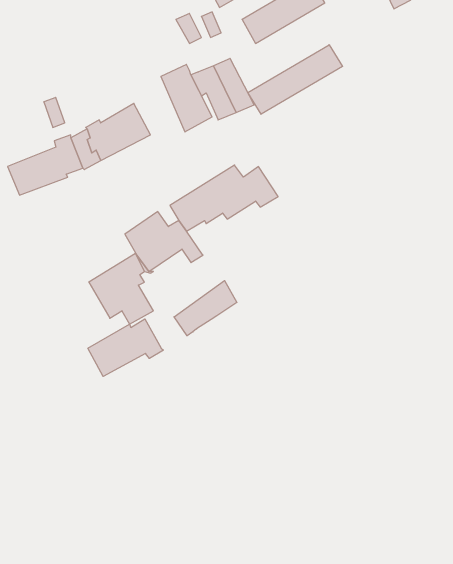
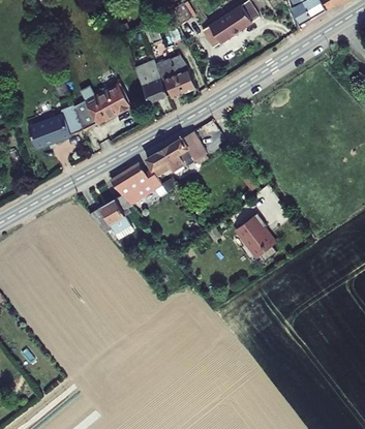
building: [248,45,343,114] -> none
building: [174,281,237,336] -> none
building: none -> [234,214,274,261]
building: [88,319,163,376] -> none

